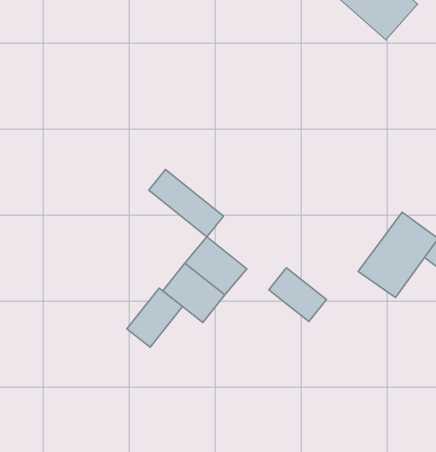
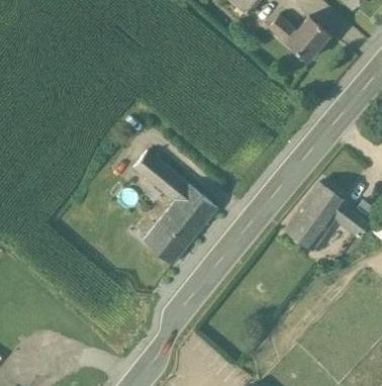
building: [269,268,327,322] -> [176,187,218,226]
building: [127,288,182,347] -> none

